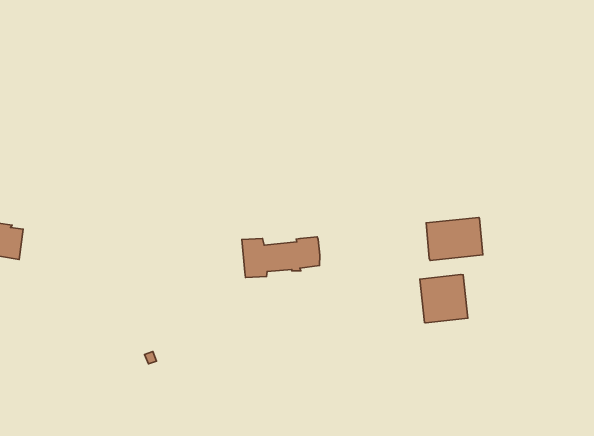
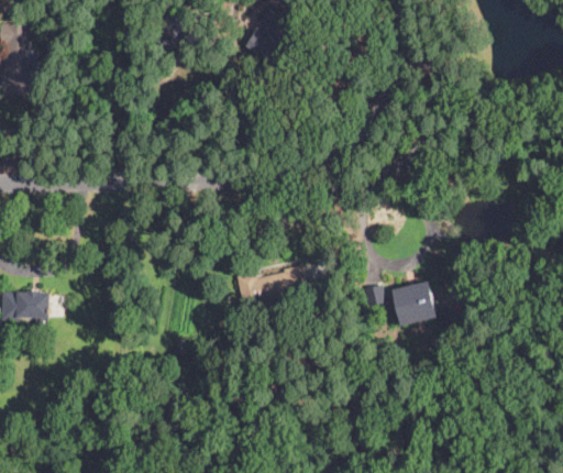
building: [426,217,483,260] -> none

